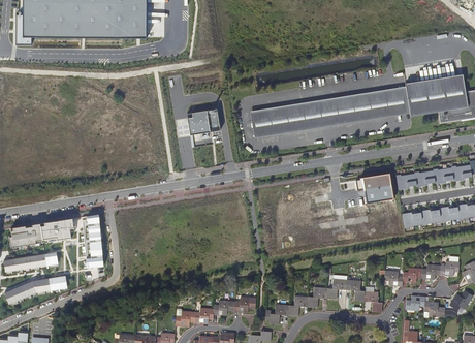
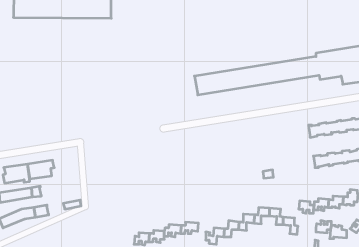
building: [187,107,220,135] -> none
building: [355,174,393,202] -> none
building: [83,214,103,270] -> none

